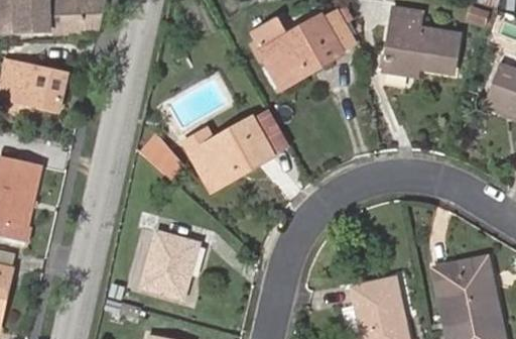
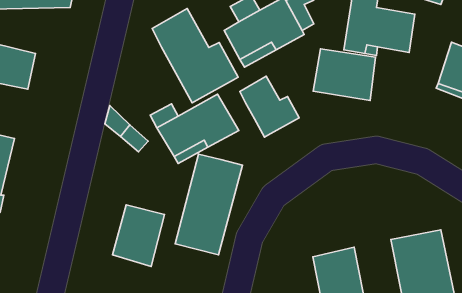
building: none -> [152,9,238,103]
building: none -> [313,49,375,100]
building: none -> [240,76,299,137]
building: none -> [175,154,243,255]

